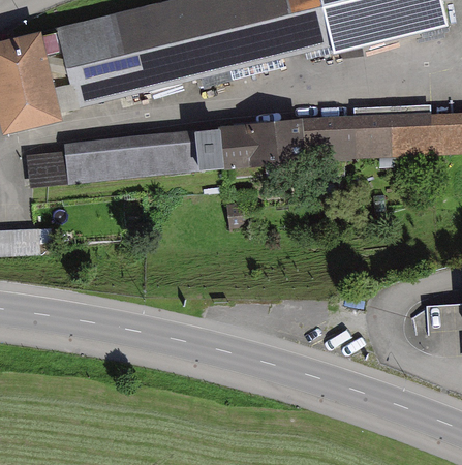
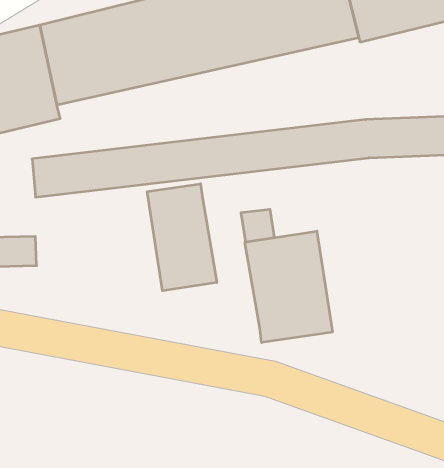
building: none -> [147,184,217,291]
building: none -> [245,231,332,343]

